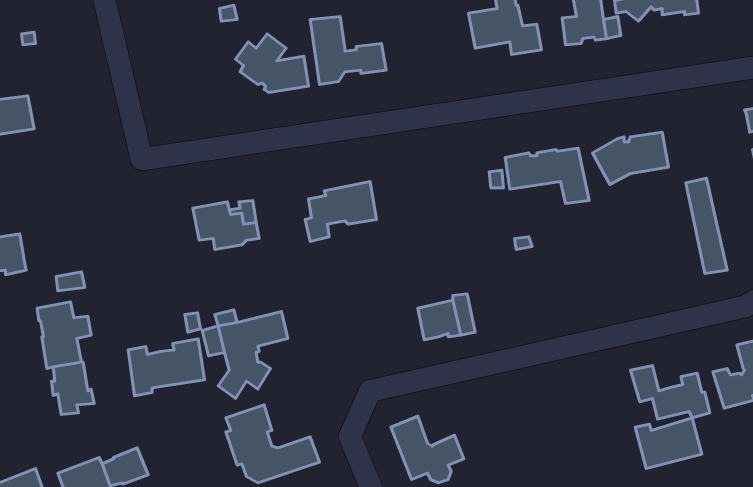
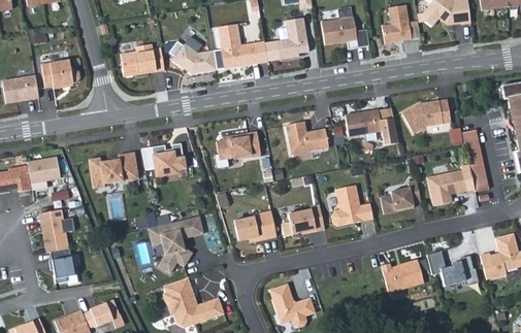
building: none -> [278,18,308,58]
building: none -> [121,43,164,76]
building: none -> [40,59,78,88]
building: none -> [286,121,328,154]
building: none -> [29,157,62,184]
building: none -> [427,169,466,205]
building: none -> [381,179,421,213]
building: none -> [331,185,373,226]
building: none -> [234,211,268,240]
building: [128,339,204,396] -> [89,152,138,189]
building: [635,418,702,468] -> [381,259,424,292]

